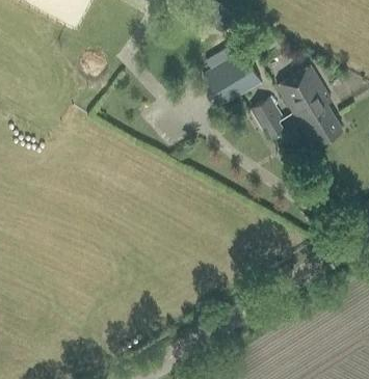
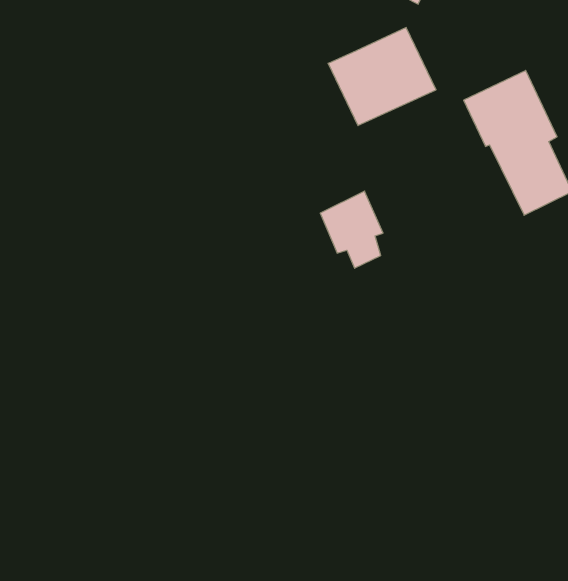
building: [249,96,285,138] -> [320,191,383,268]

